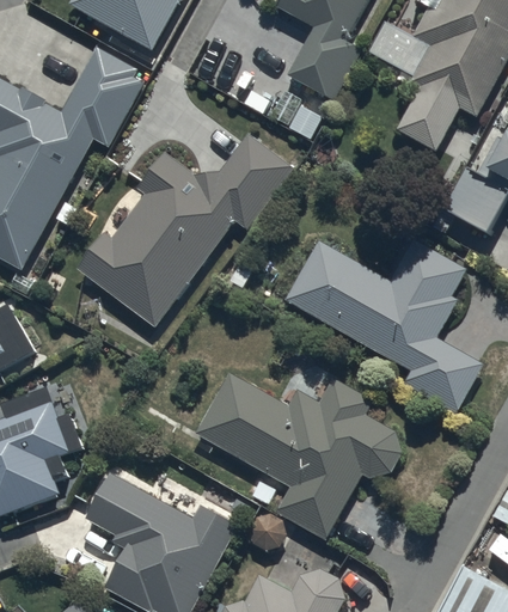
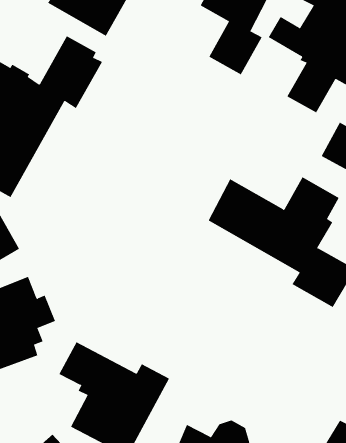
building: [78,135,294,331] -> none
building: [196,373,402,543] -> none

